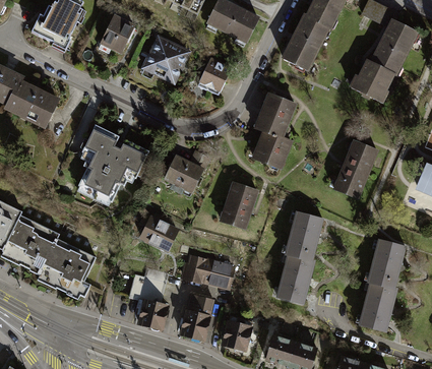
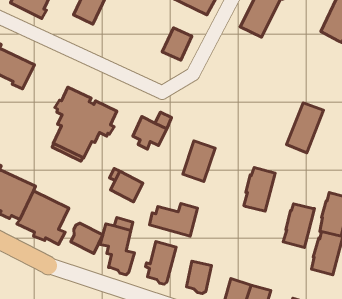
building: [141,35,192,85] -> none
building: [352,61,391,101] -> none
building: [255,94,294,167] -> none
building: [279,255,313,303] -> [283,204,315,247]
building: none -> [71,223,103,253]

